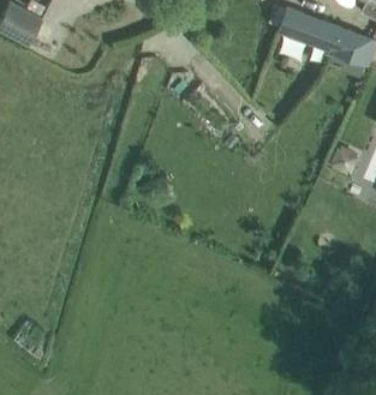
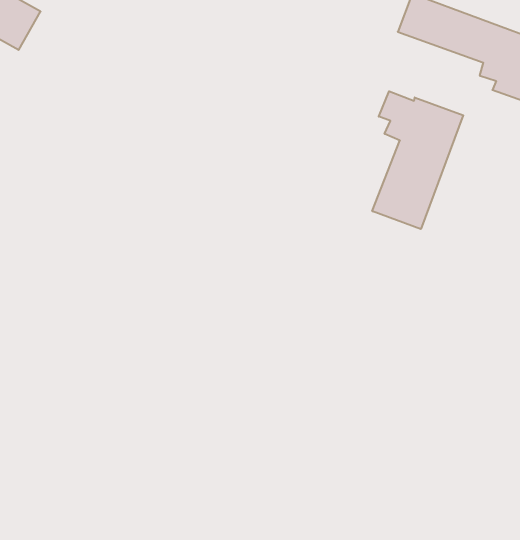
building: none -> [372,91,463,229]

